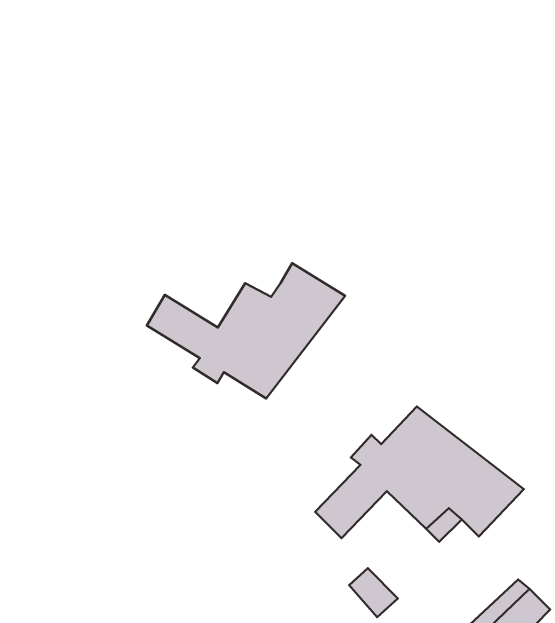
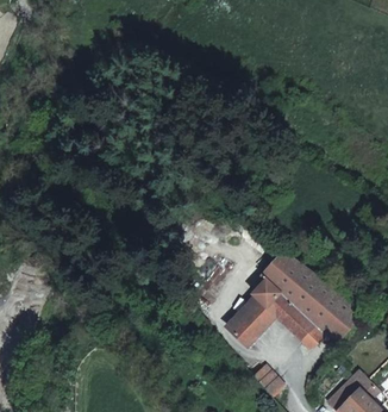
building: [147,263,345,398] -> none

